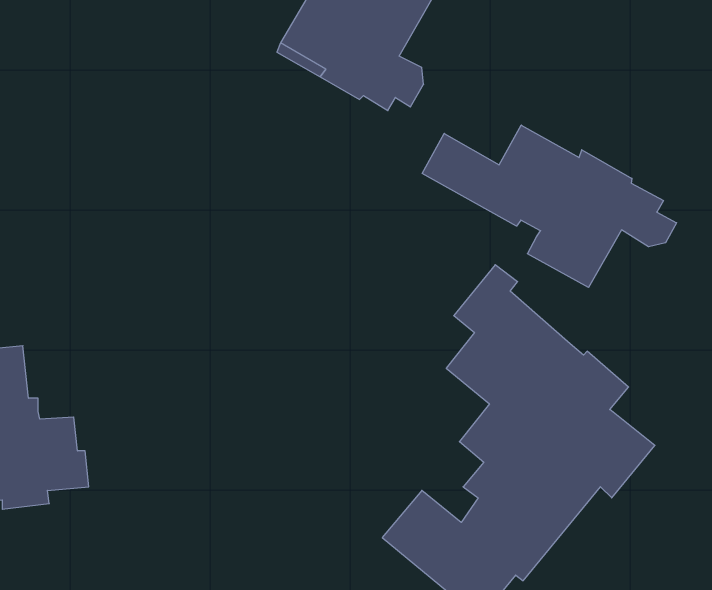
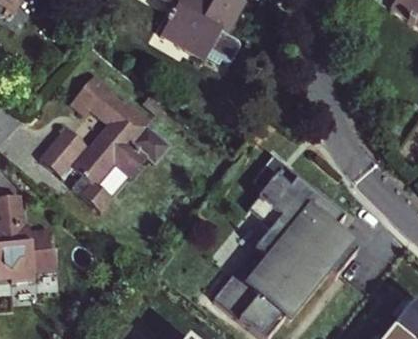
building: none -> [39,72,168,210]
building: [422,125,677,287] -> none

